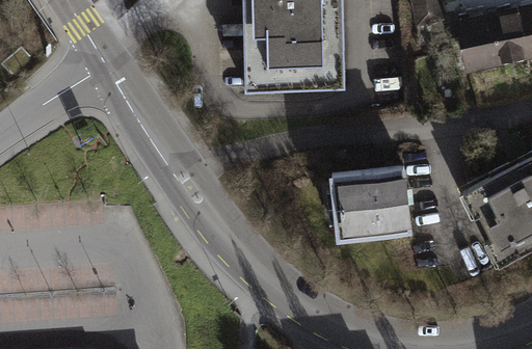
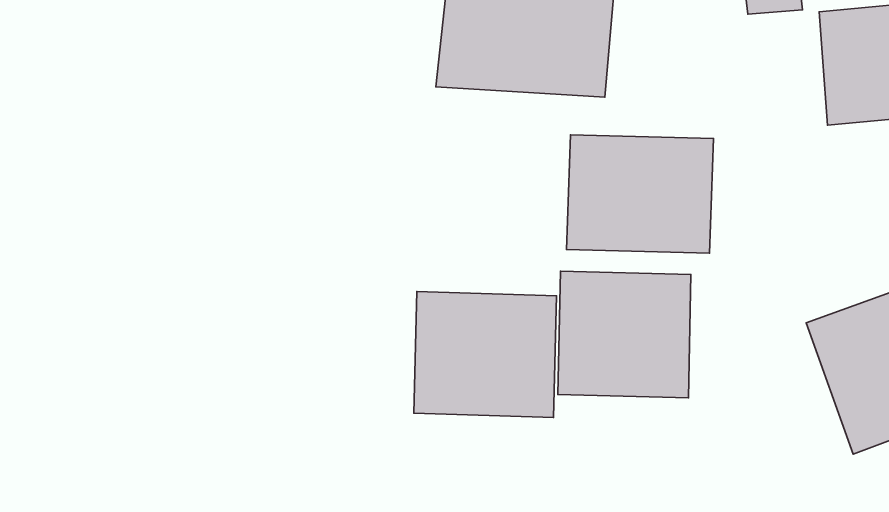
building: none -> [567,135,713,253]
building: none -> [414,291,557,417]

